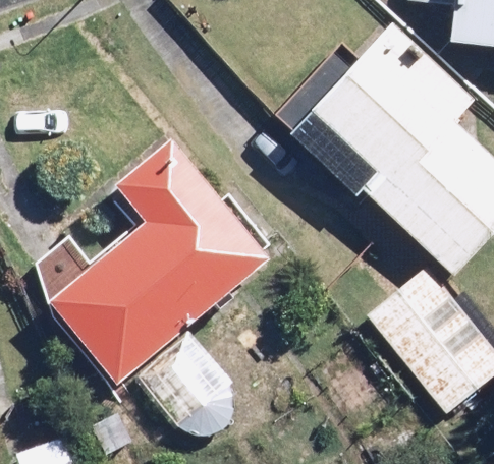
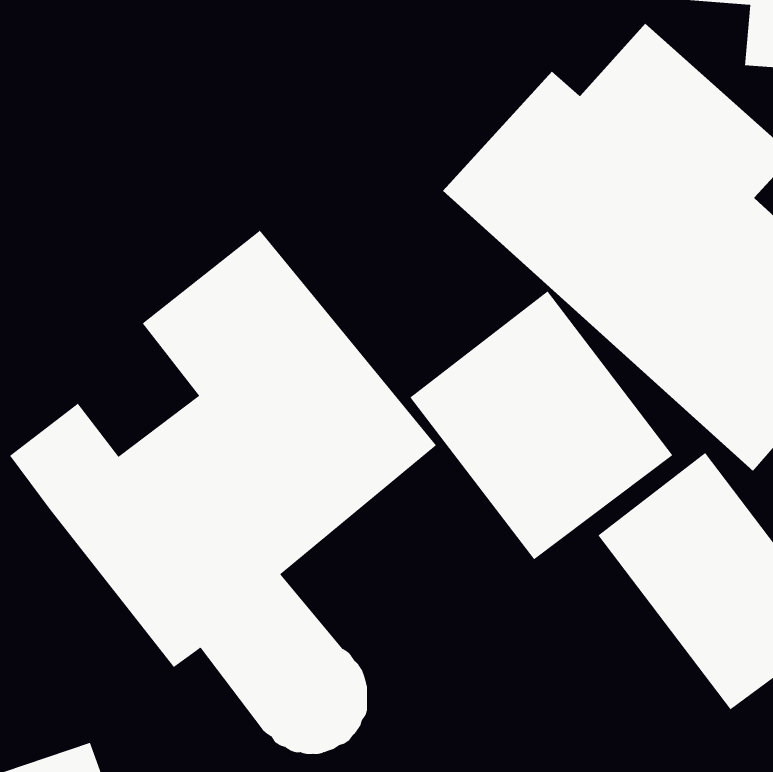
building: none -> [410,290,673,560]

